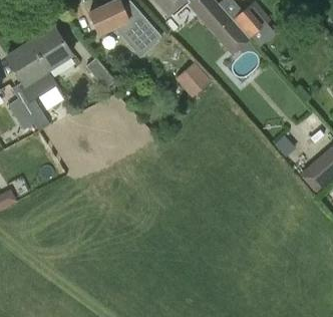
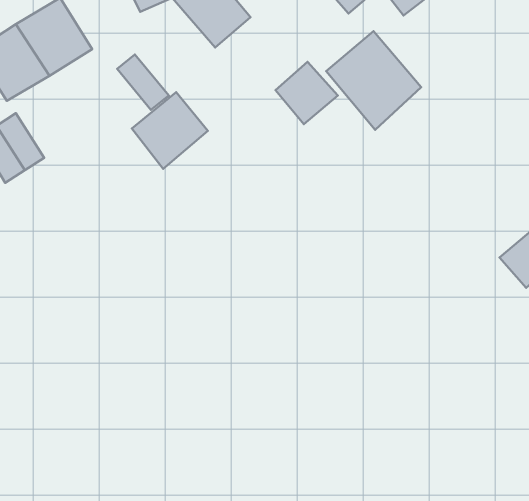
building: none -> [326,31,421,130]
building: none -> [132,92,208,169]

